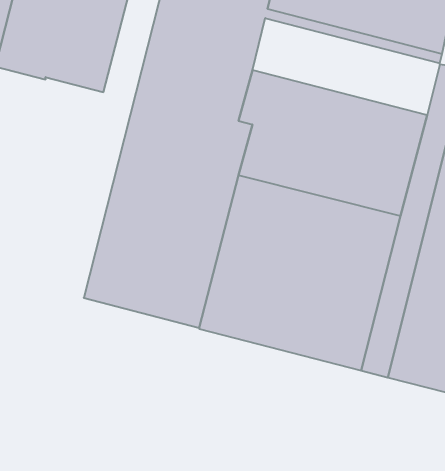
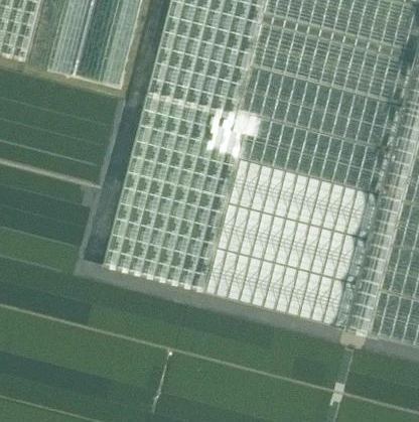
building: none -> [250,20,413,105]

